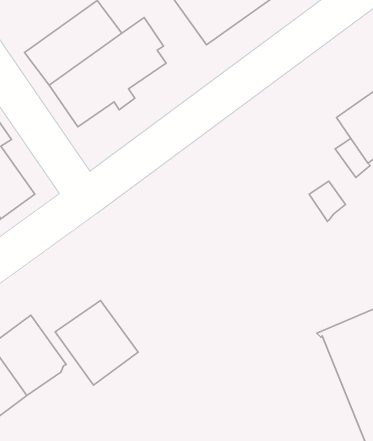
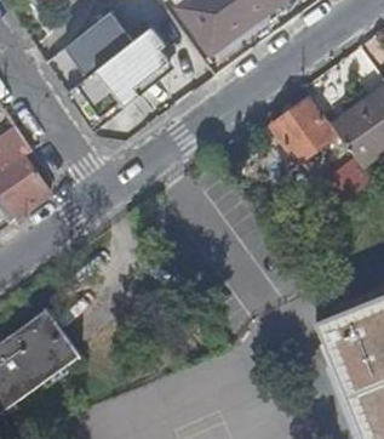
building: none -> [269,97,336,163]
building: [55,300,138,385] -> none

